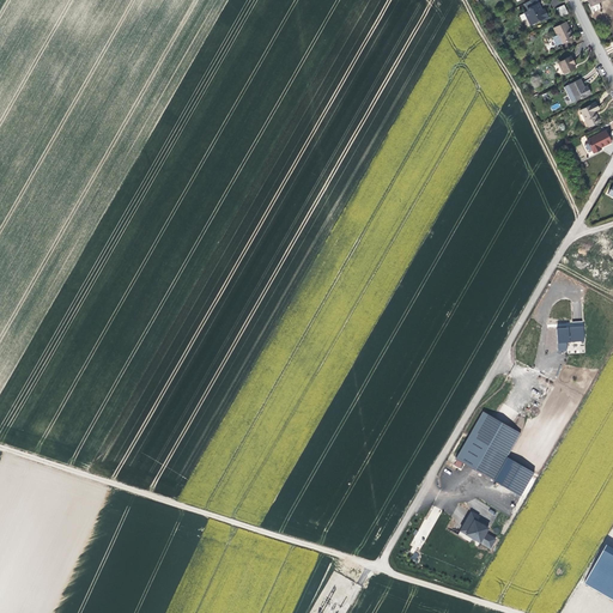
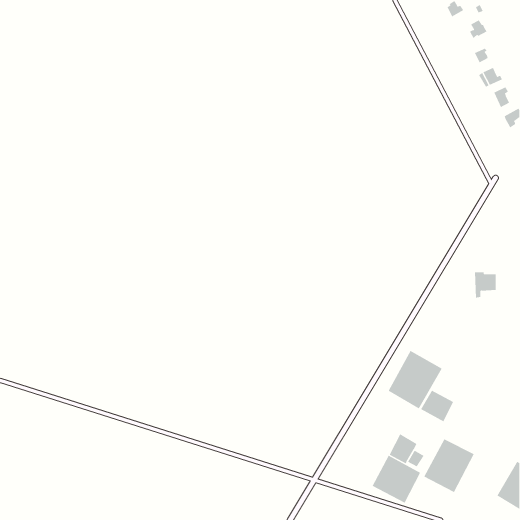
building: none -> [424,438,474,493]
building: none -> [372,455,421,503]

